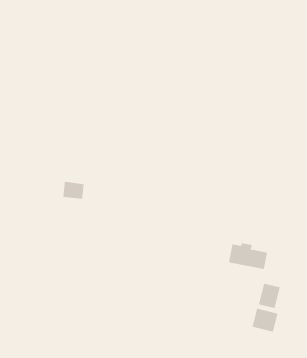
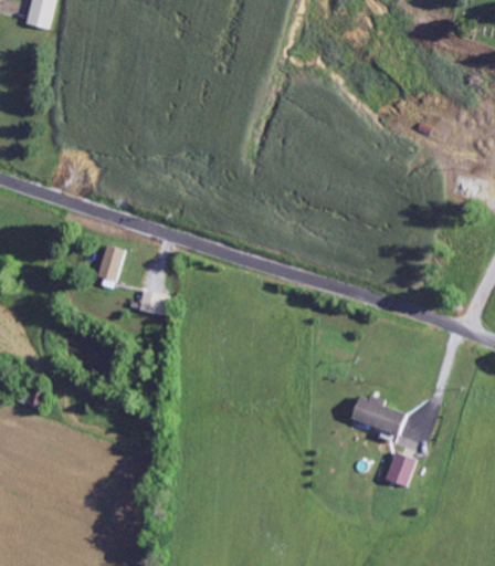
building: none -> [97,245,123,282]
building: [252,308,278,333] -> none

